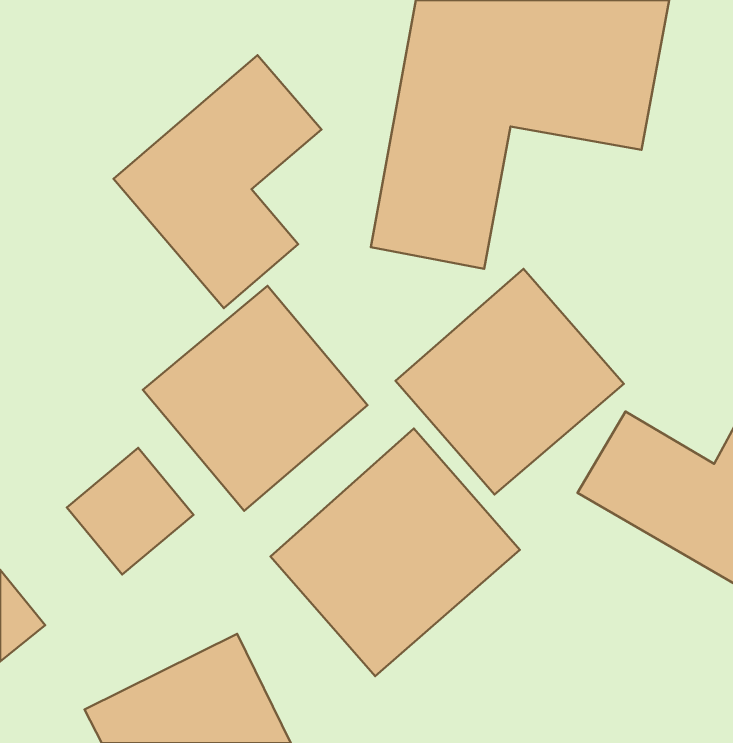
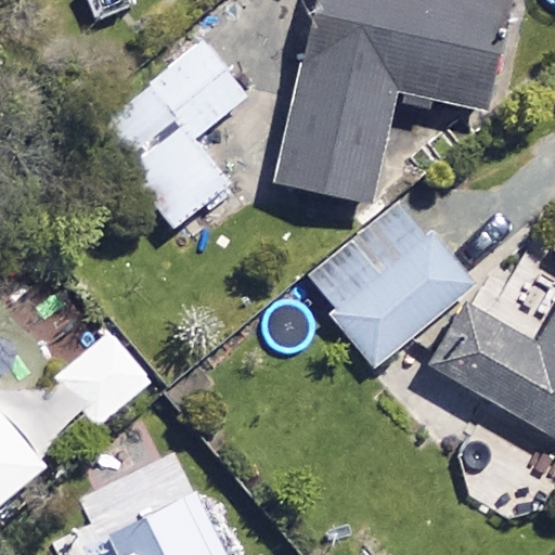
building: [143,286,368,511] -> none
building: [270,428,520,676] -> none

